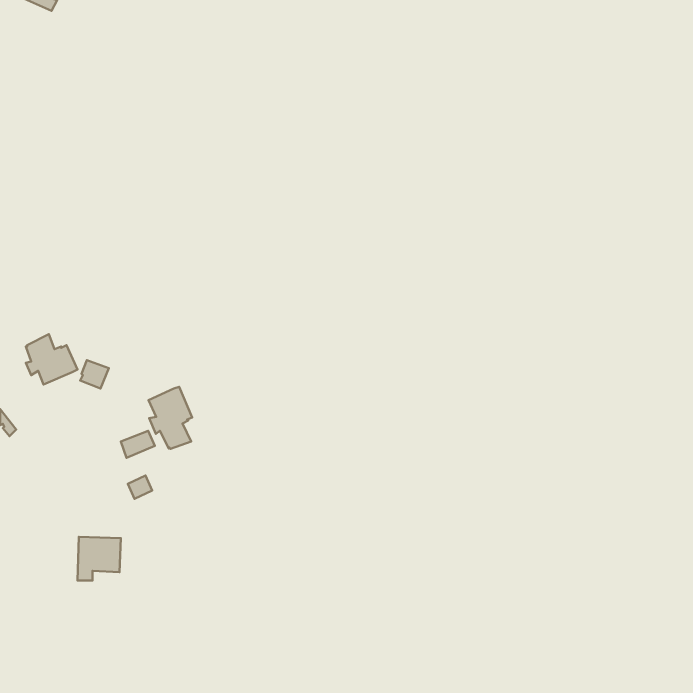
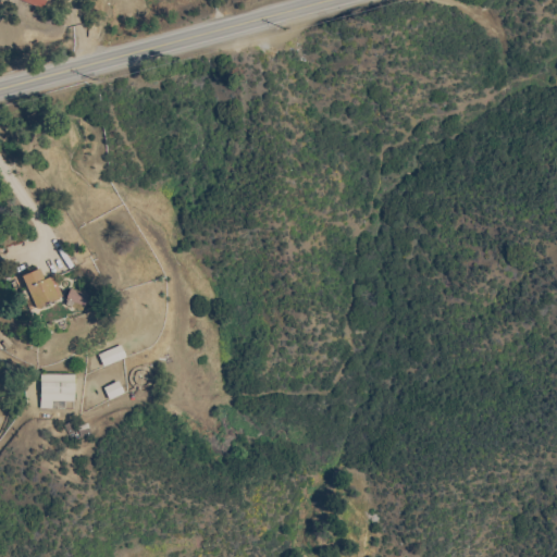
building: [149,387,192,449] -> none
building: [77,537,121,580] -> [41,373,76,408]

